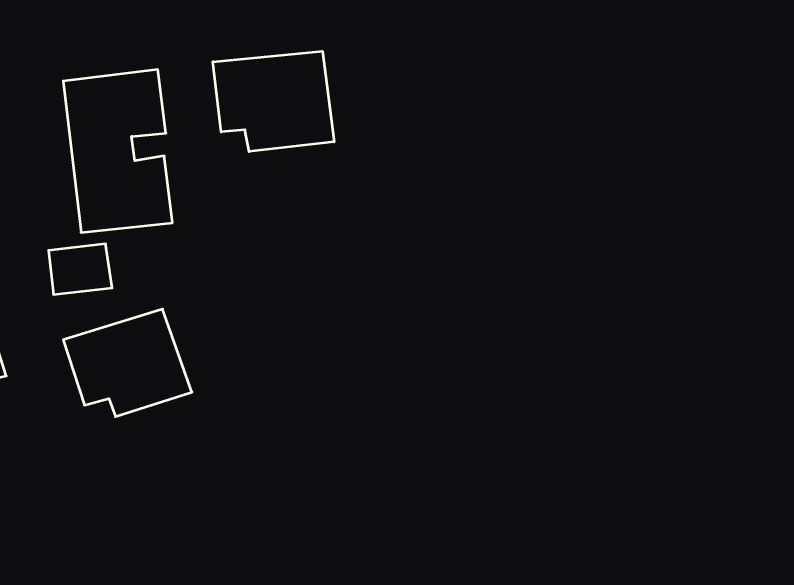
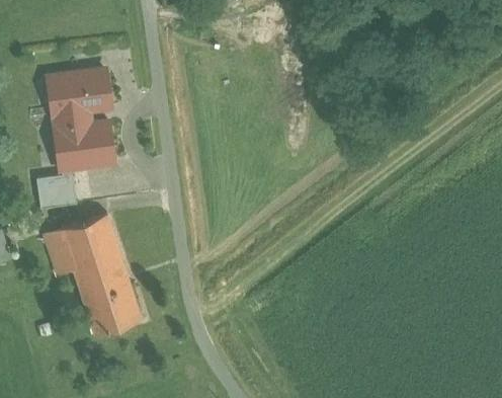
building: [213,51,334,152] -> none
building: none -> [79,267,143,333]

